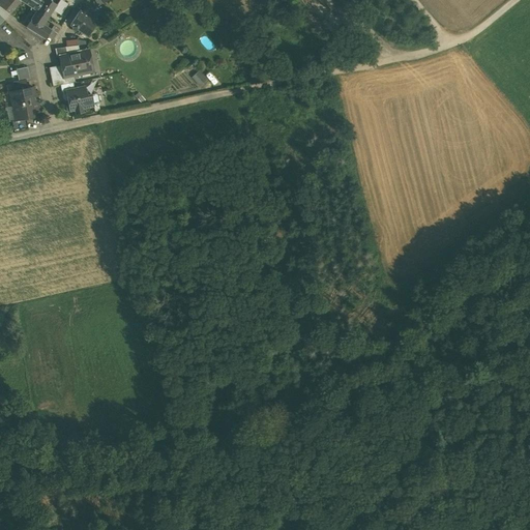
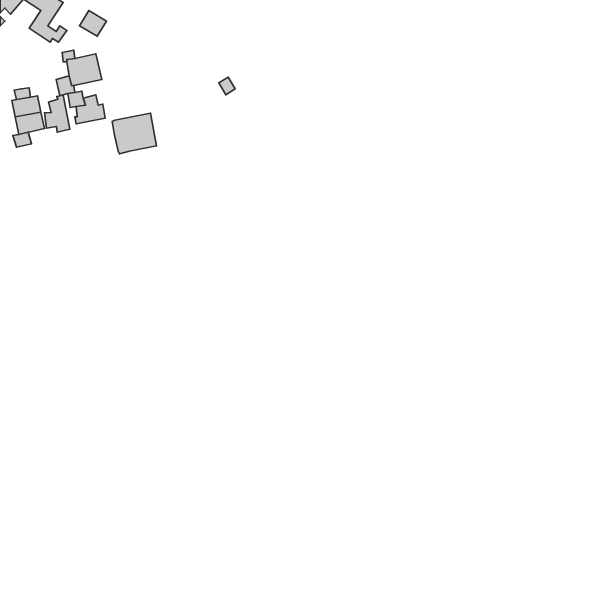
building: none -> [44,95,70,132]
building: none -> [112,113,157,154]

